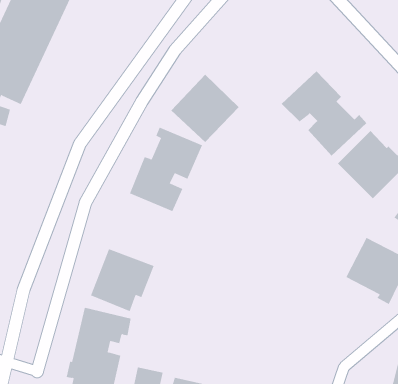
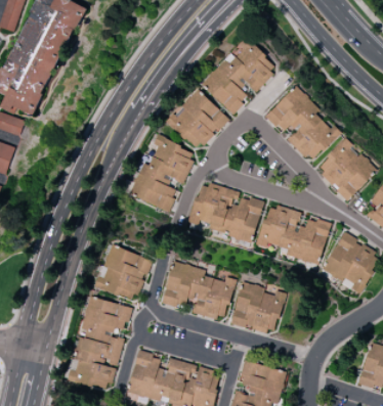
building: none -> [202,40,278,114]
building: none -> [188,182,263,242]
building: none -> [256,204,330,263]
building: none -> [163,262,236,320]
building: none -> [230,282,285,335]

